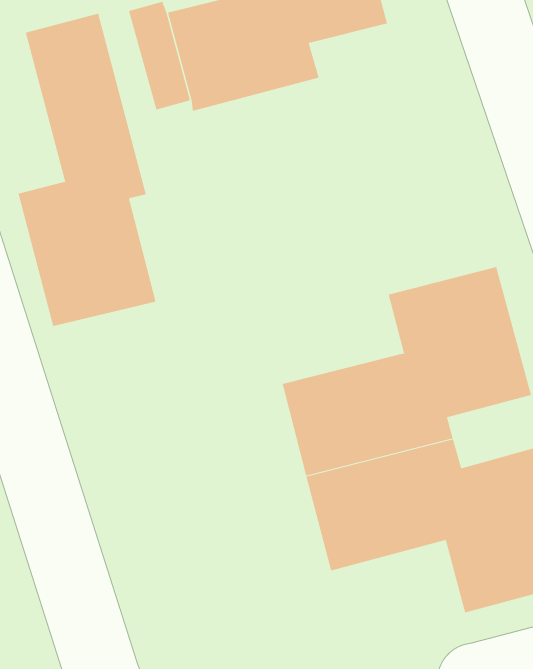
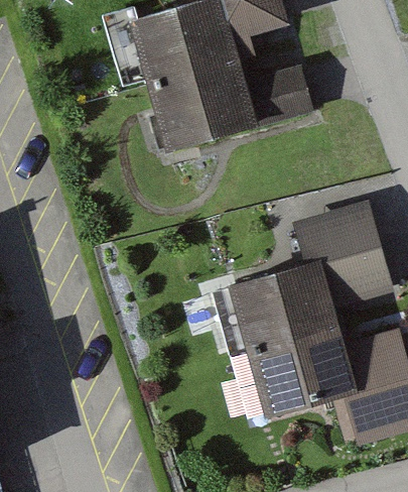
building: [18,13,156,327] -> none
building: none -> [151,64,312,149]

